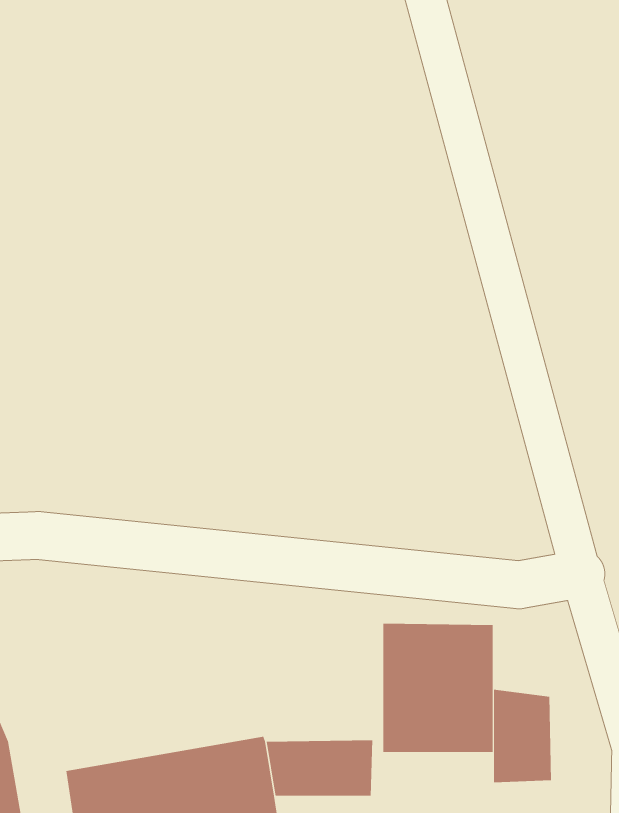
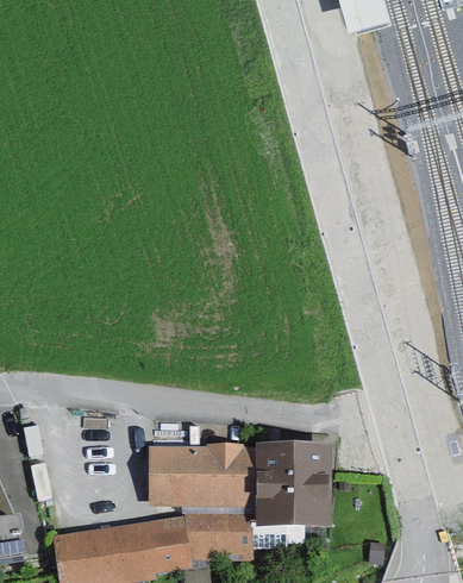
building: none -> [145,441,259,507]
building: [494,689,552,783] -> none

